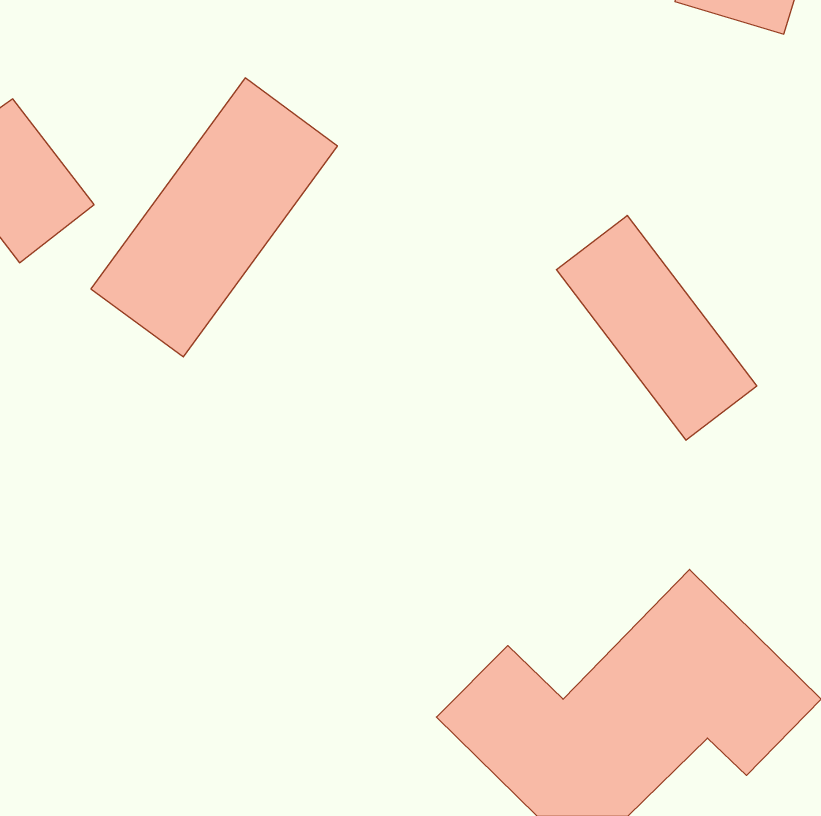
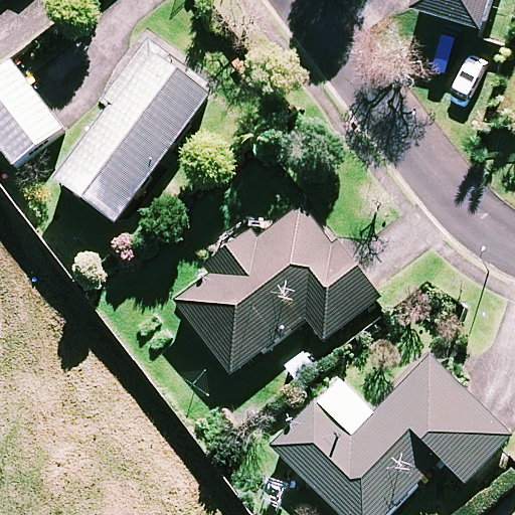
building: [556,215,757,440] -> none
building: none -> [174,200,376,371]

